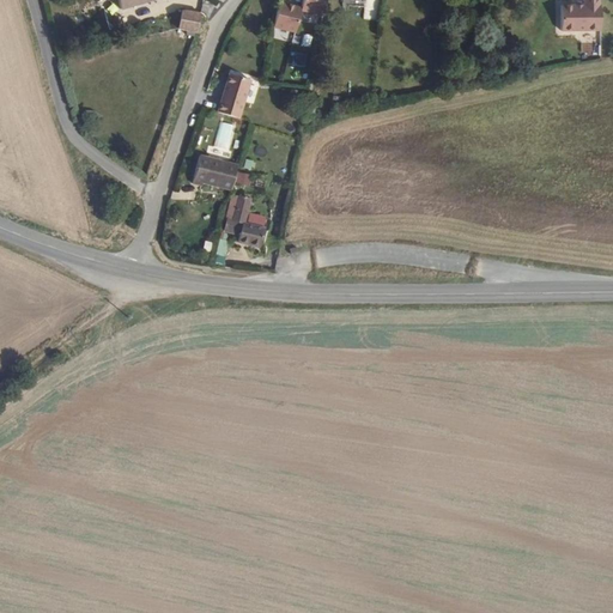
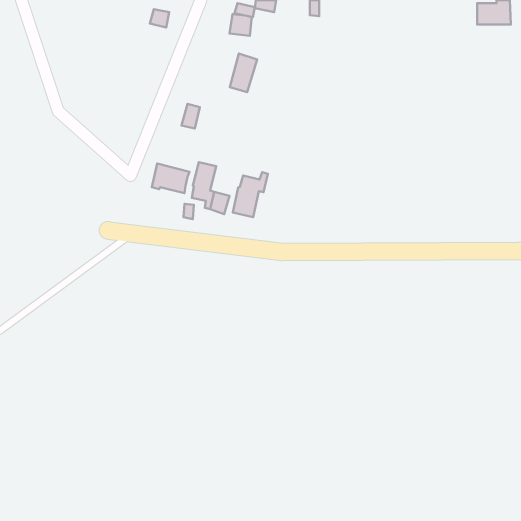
building: [218,71,250,116] -> [230,53,257,92]
building: [194,151,238,186] -> [152,164,190,193]
building: none -> [233,172,268,217]

